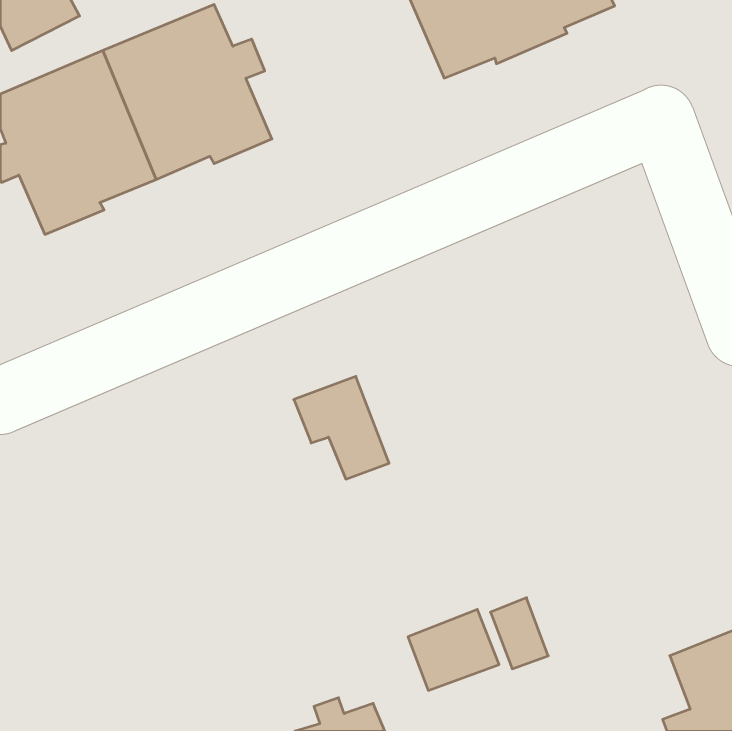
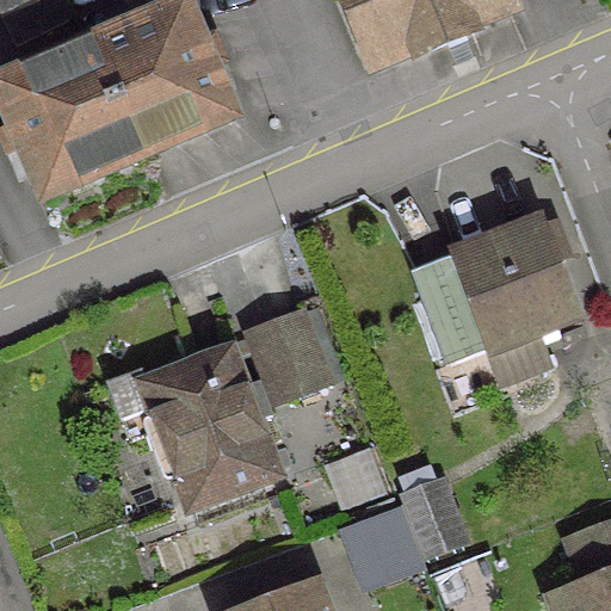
building: none -> [428,222,573,359]
building: none -> [109,348,277,506]

